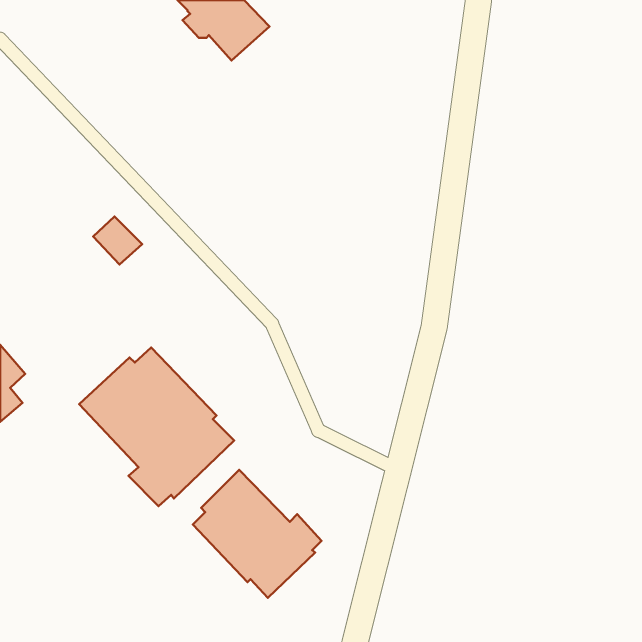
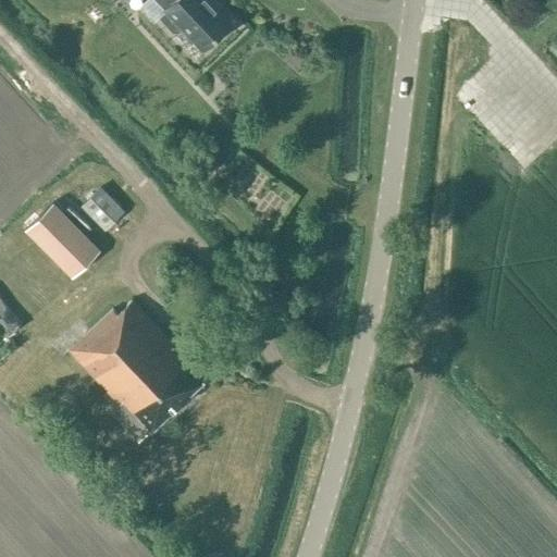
building: none -> [25,202,100,277]
building: [193,470,322,598] -> none

